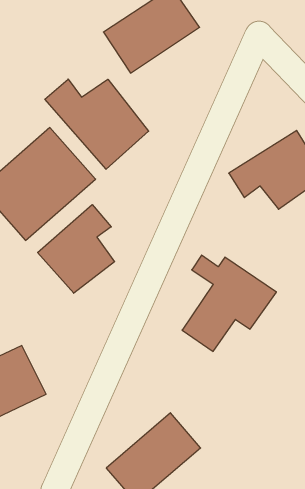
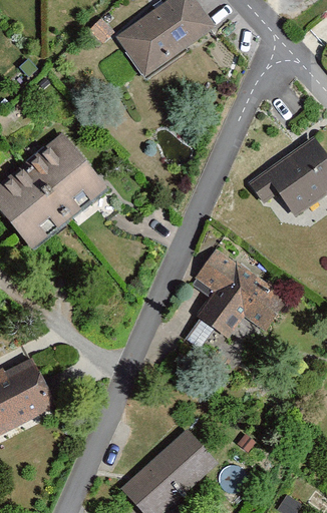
building: [45,79,149,169] -> none
building: [38,205,115,293] -> none

